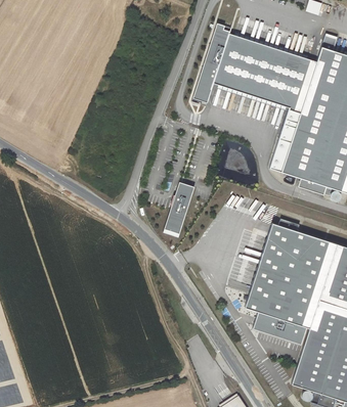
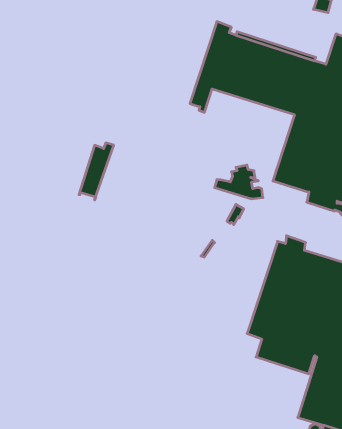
building: [164,184,196,236] -> [79,143,114,200]

